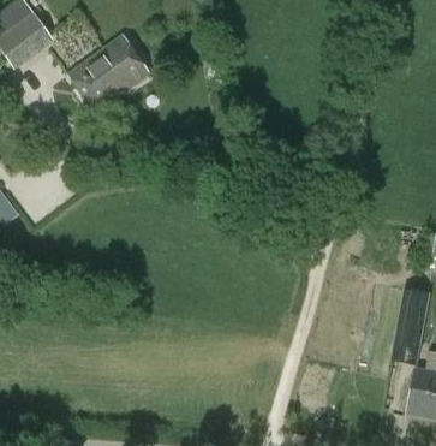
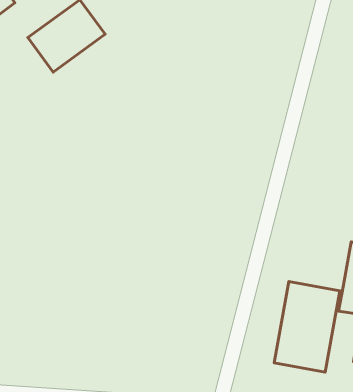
building: none -> [274,282,340,372]

